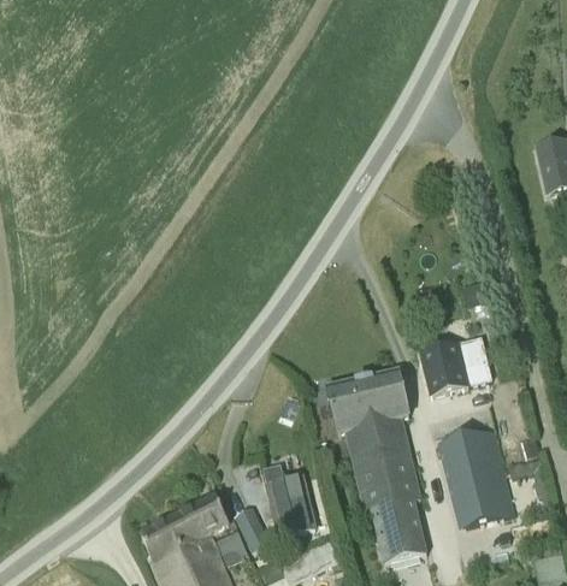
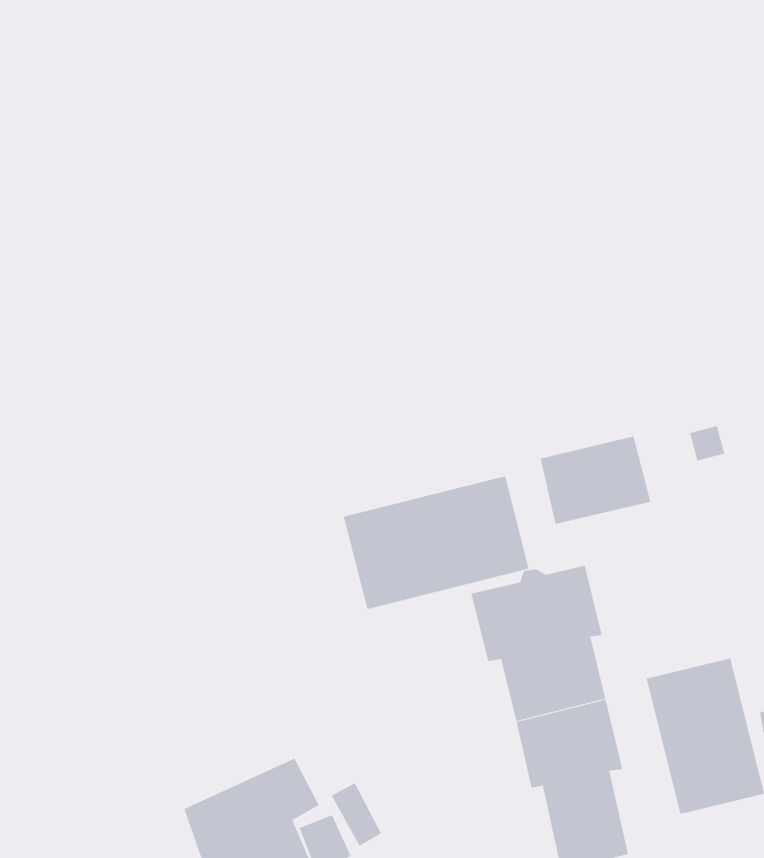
building: none -> [343,476,529,610]
building: [420,337,491,393] -> [540,436,651,525]
building: [265,462,315,534] -> none

